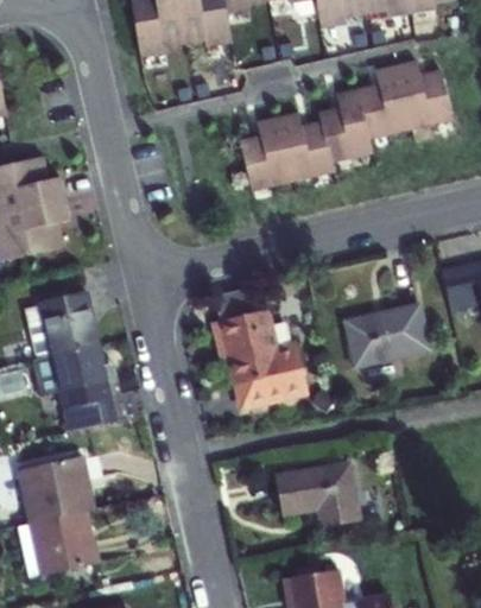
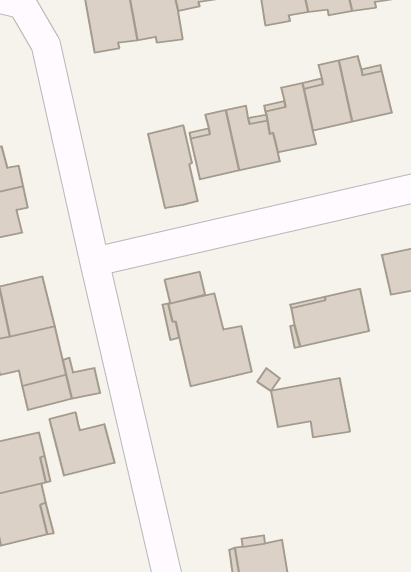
building: none -> [148,125,198,208]
building: none -> [50,412,115,476]
building: [277,463,360,525] -> [271,378,350,437]

